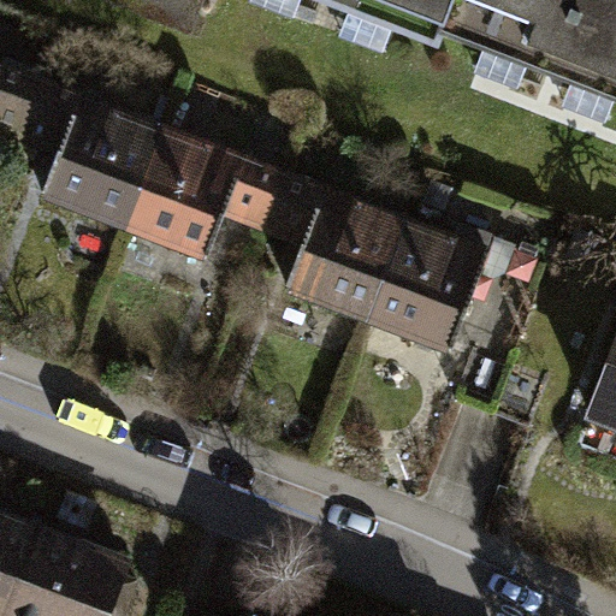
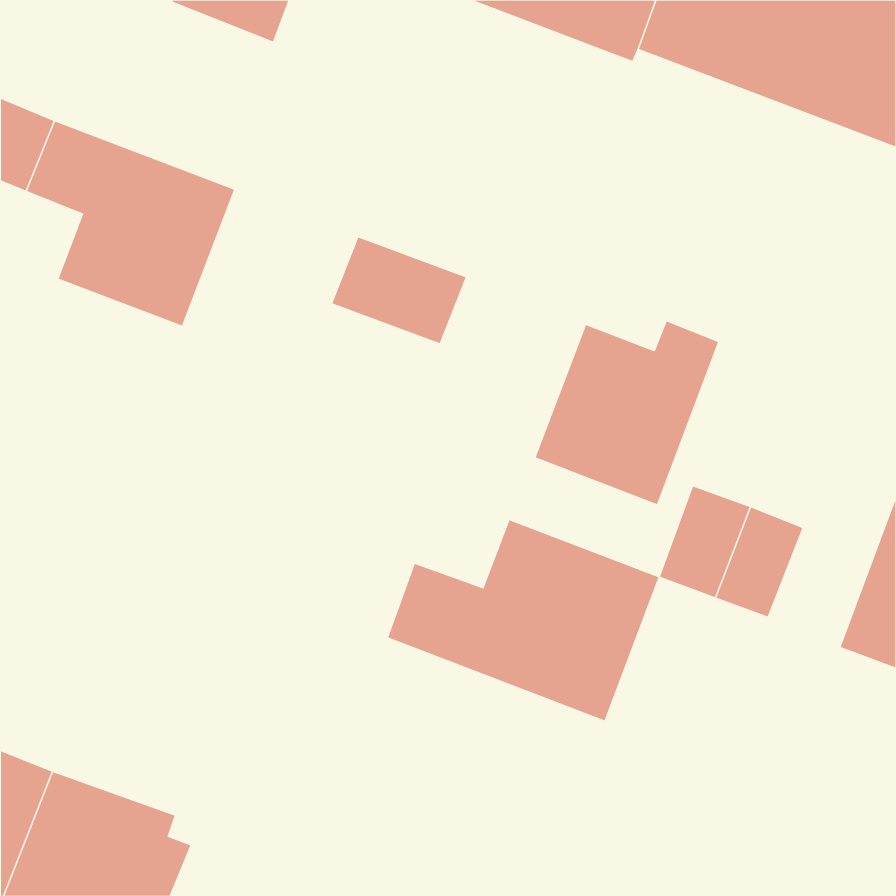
building: [125,130,245,255] -> none
building: [284,190,402,314] -> none
building: none -> [388,520,659,721]

